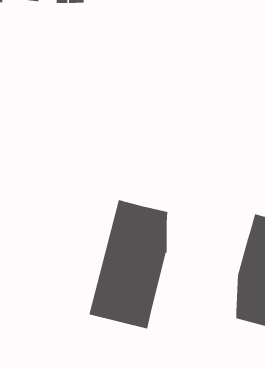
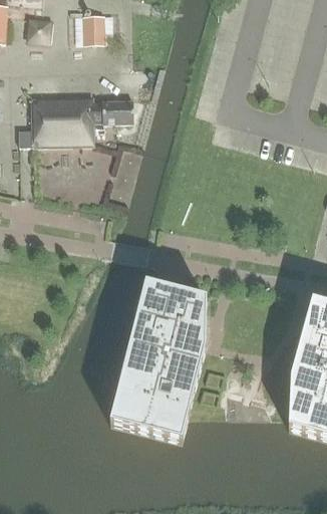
building: none -> [18,96,132,146]

